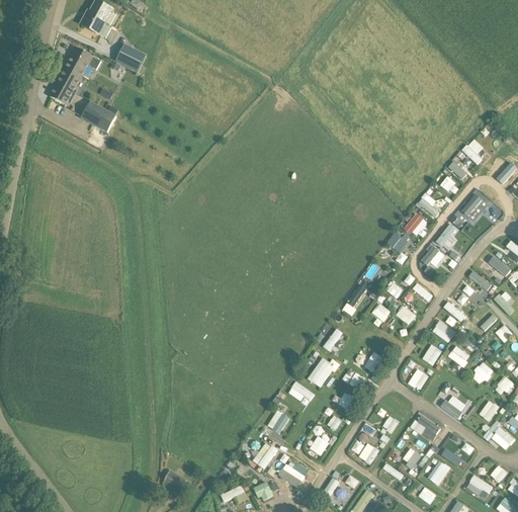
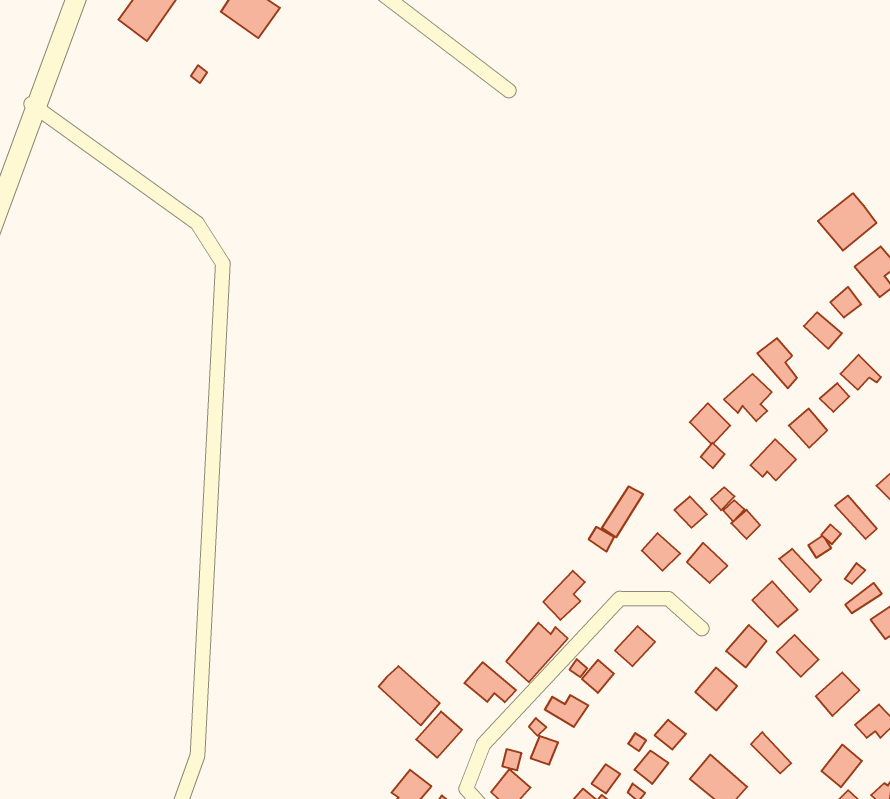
building: [50,72,79,106] -> none
building: [80,101,115,132] -> none
building: none -> [818,193,876,251]
building: none -> [379,666,440,725]

